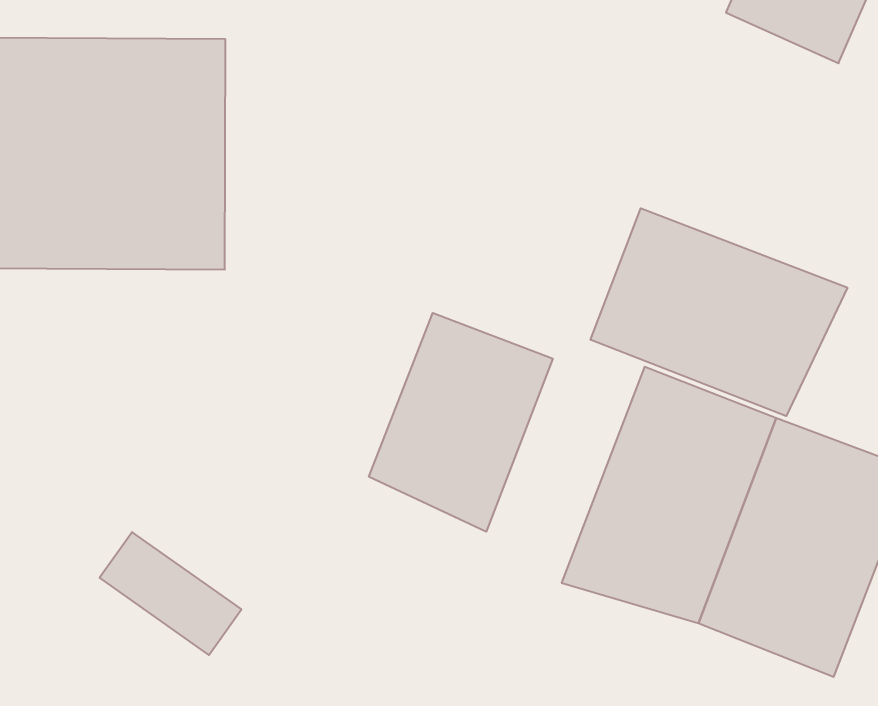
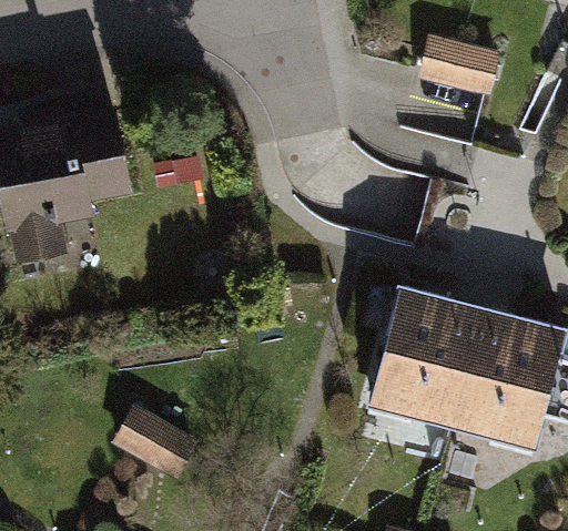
building: [591,208,847,416] -> none
building: [369,313,553,532] -> none

